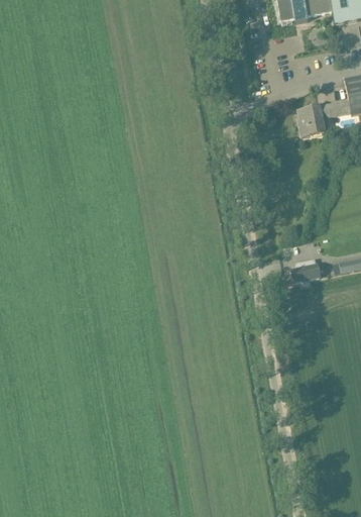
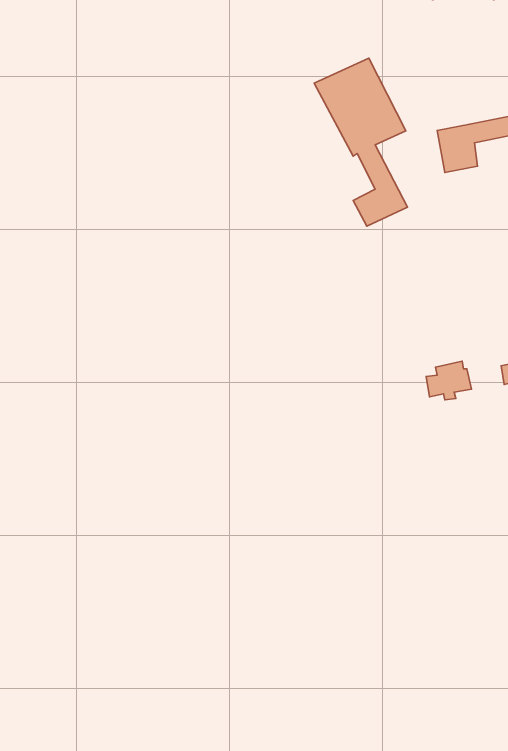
building: none -> [314,58,408,226]

